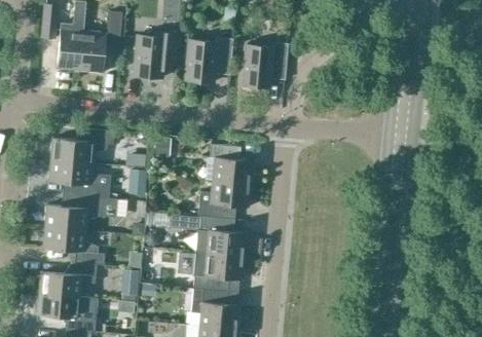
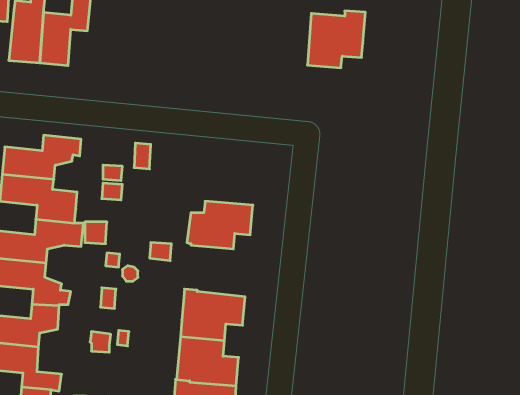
building: [134,34,178,79] -> none
building: [185,38,232,83] -> none
building: [242,43,288,88] -> [307,11,365,68]
building: [209,145,252,185] -> none
building: [198,217,246,258] -> none

